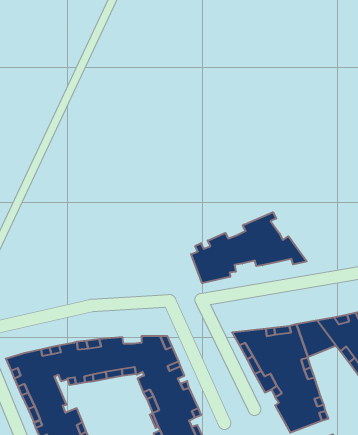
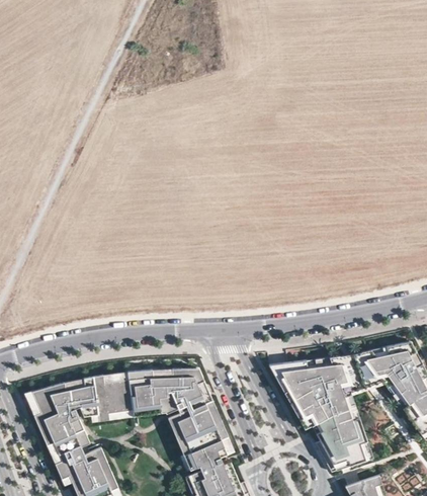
building: [191,212,307,283] -> none

